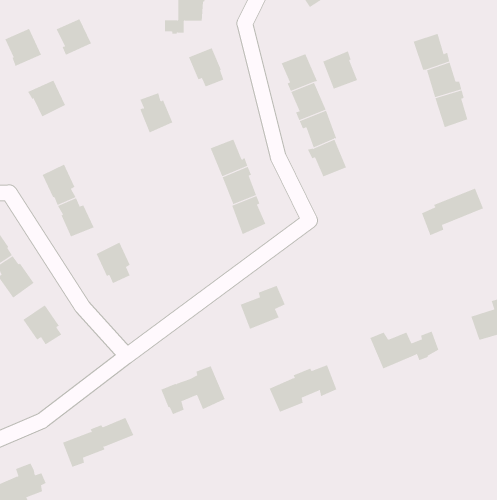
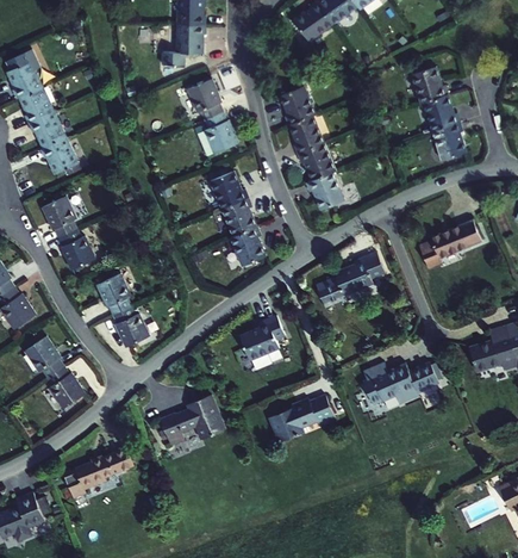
building: [56,18,92,56] -> [19,88,55,125]
building: [323,50,358,89] -> none
building: [140,92,173,133] -> [205,113,238,154]
building: none -> [40,138,79,176]
building: none -> [316,252,385,306]
building: none -> [113,308,149,348]
building: none -> [46,366,85,409]

